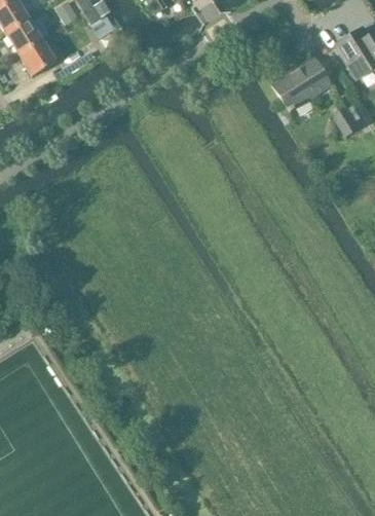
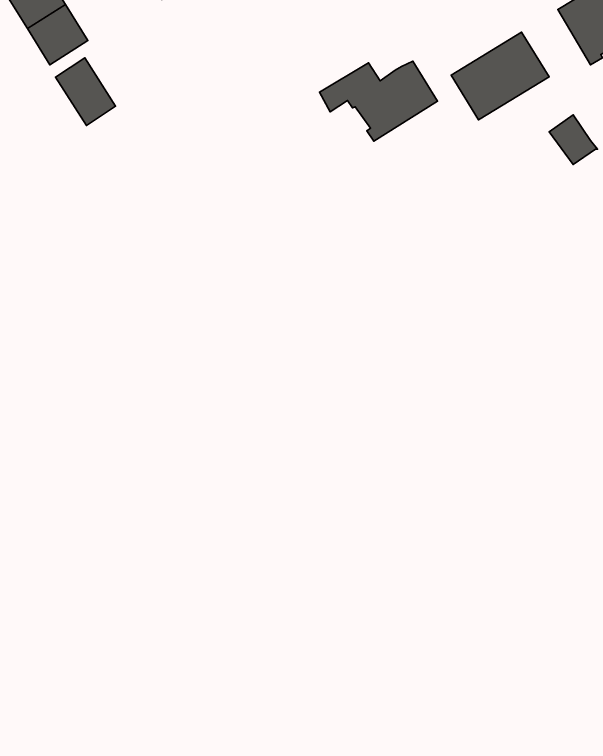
building: none -> [56,58,116,126]
building: none -> [320,61,437,141]

